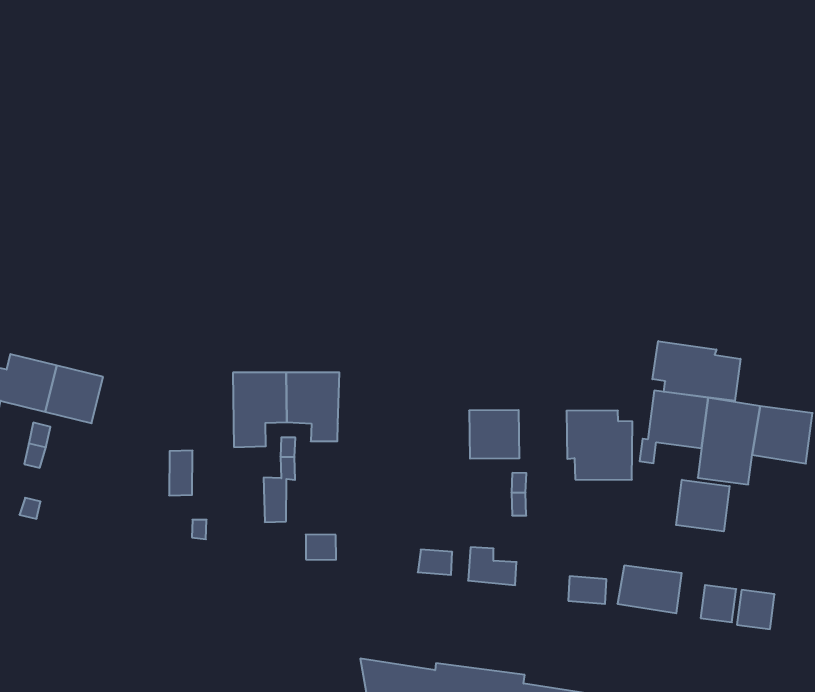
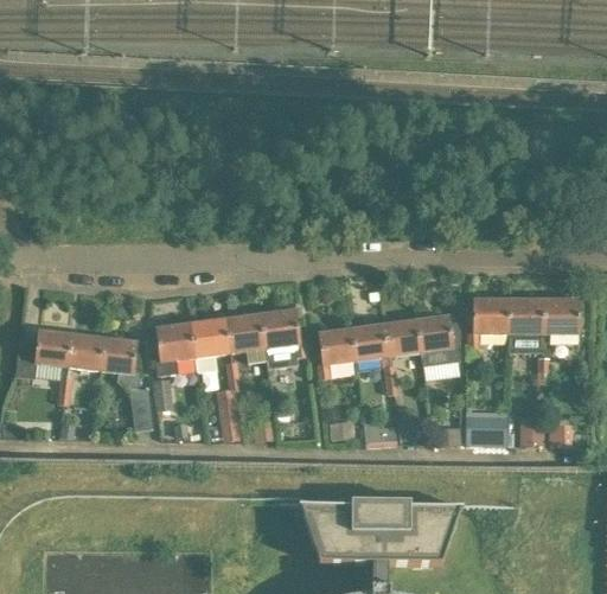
building: [652,341,740,401] -> none
building: none -> [260,308,306,357]
building: none -> [154,322,193,375]
building: none -> [98,337,152,429]
building: none -> [383,319,420,355]
building: none -> [318,327,354,378]
building: [676,480,730,531] -> none

